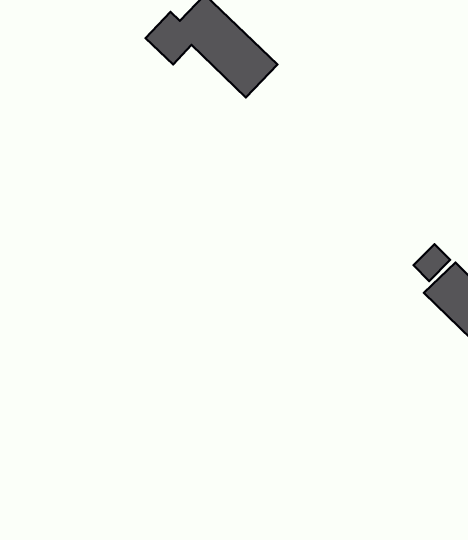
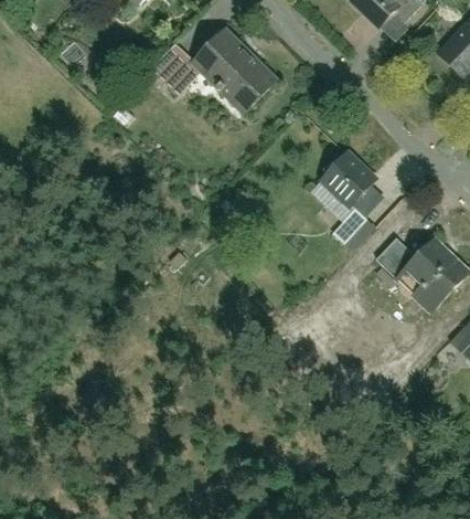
building: none -> [311,153,367,211]
building: none -> [341,201,377,236]

